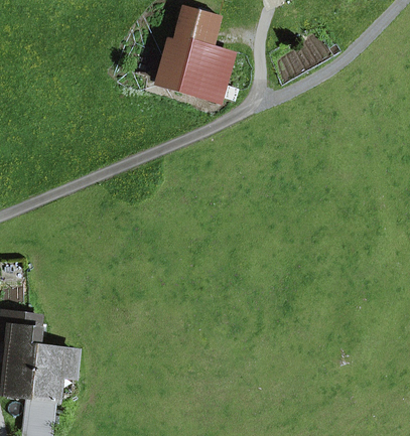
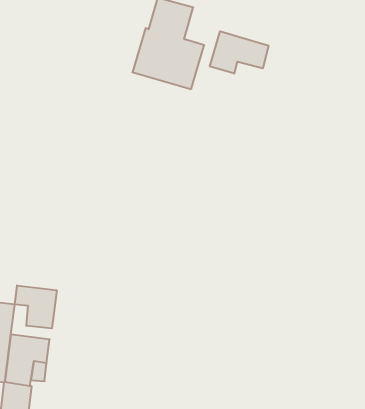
building: none -> [210,31,268,74]
building: none -> [15,285,57,328]

